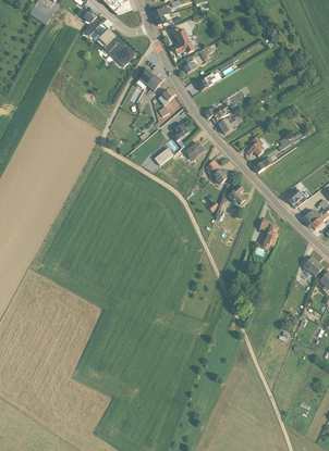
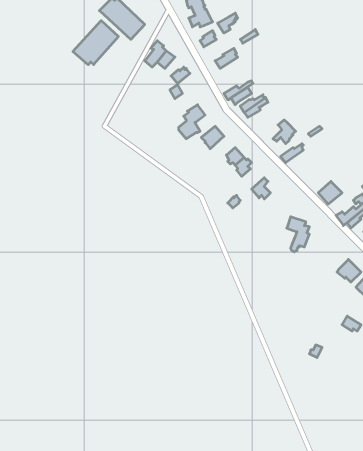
building: none -> [73,21,118,65]

